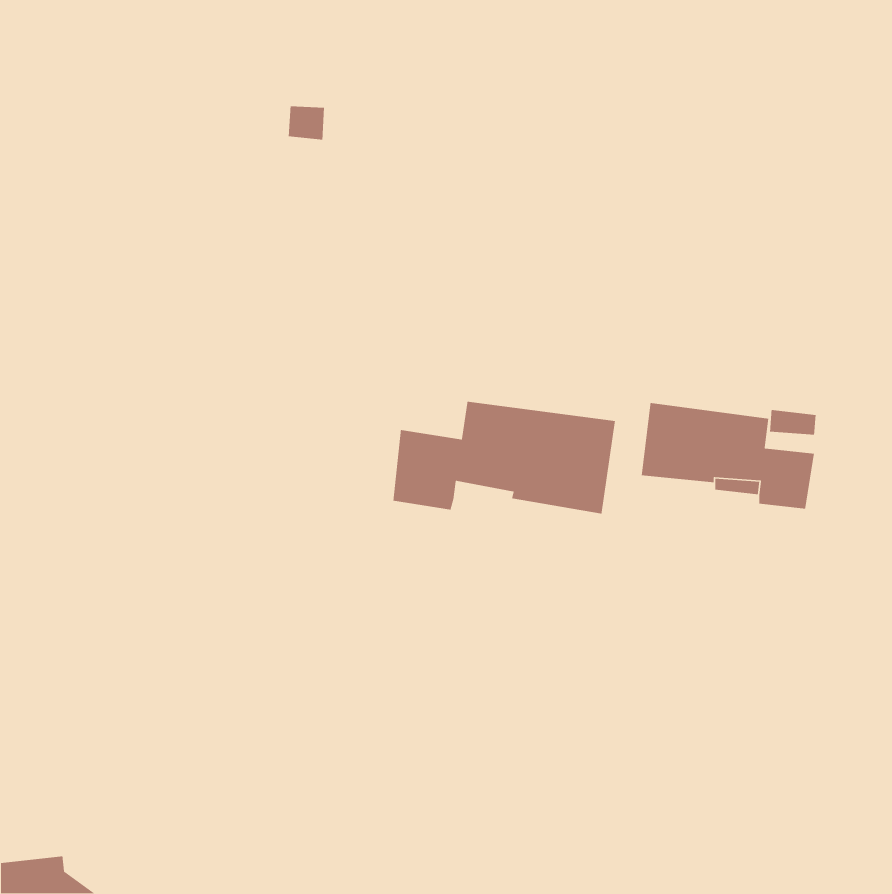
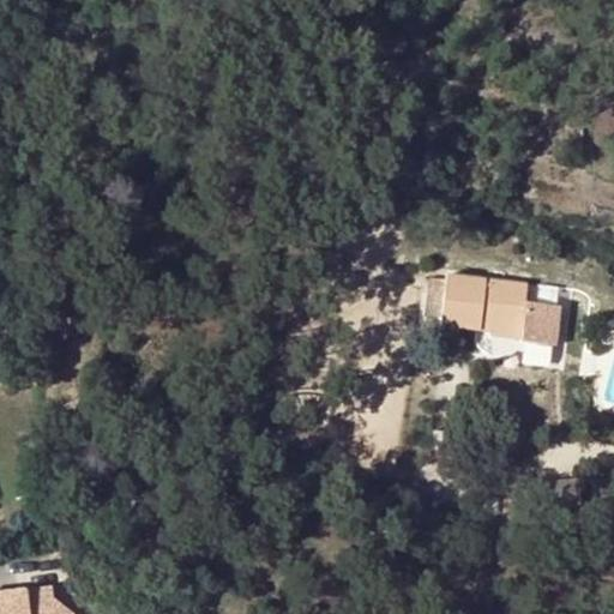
building: [392,401,616,514] -> none

